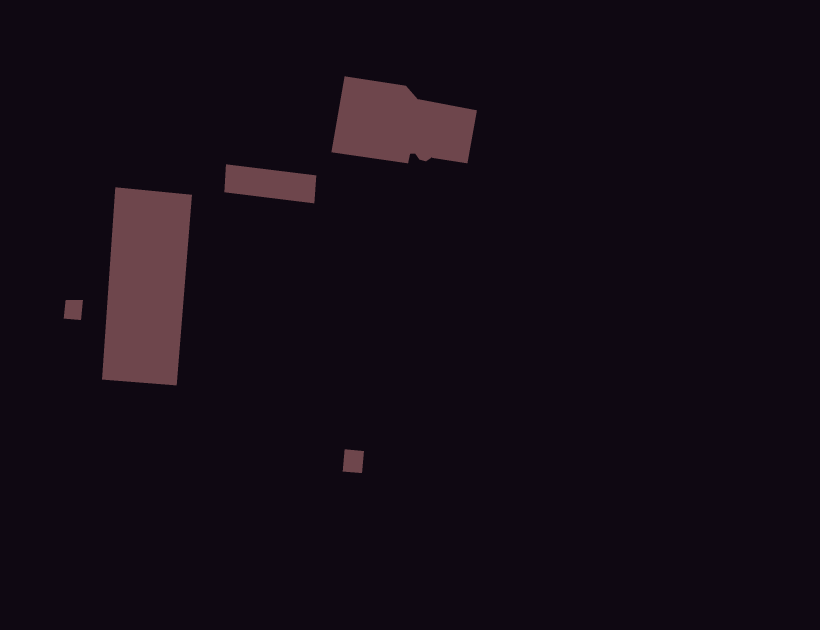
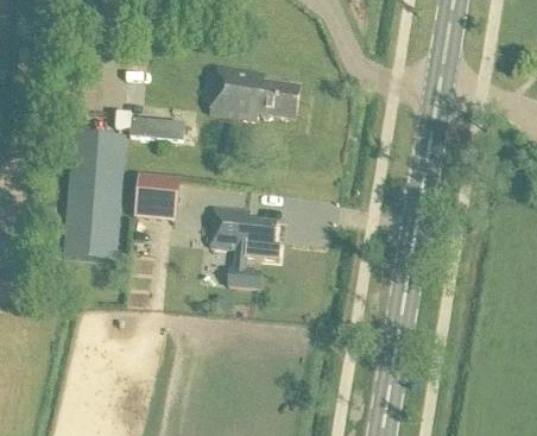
building: none -> [135,173,179,211]
building: none -> [210,207,282,289]

